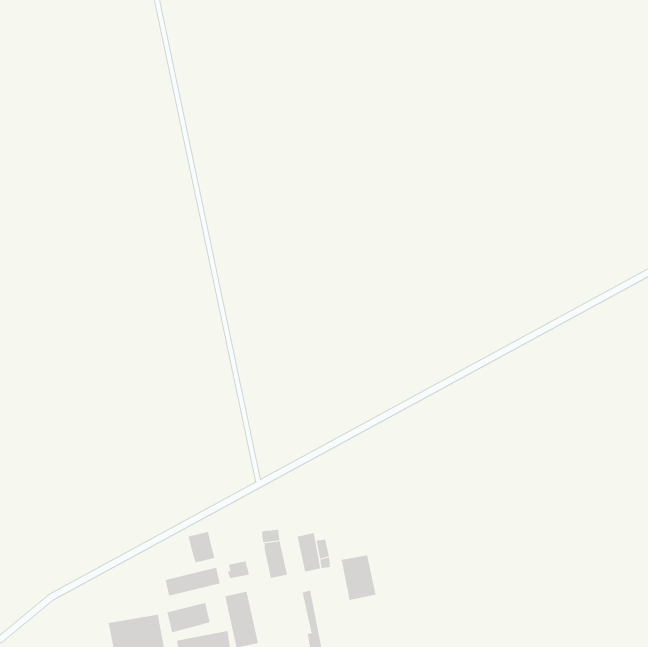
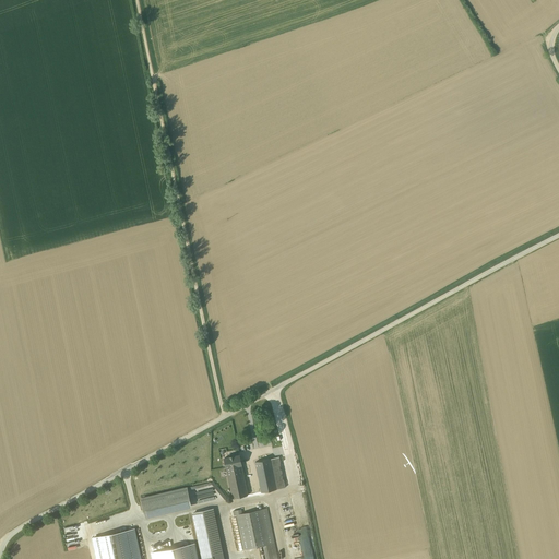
building: [188,531,215,563] -> none
building: [340,555,377,601] -> [236,511,267,550]
building: [167,602,210,633] -> none

